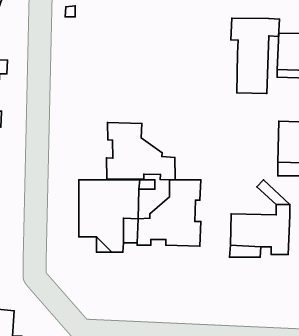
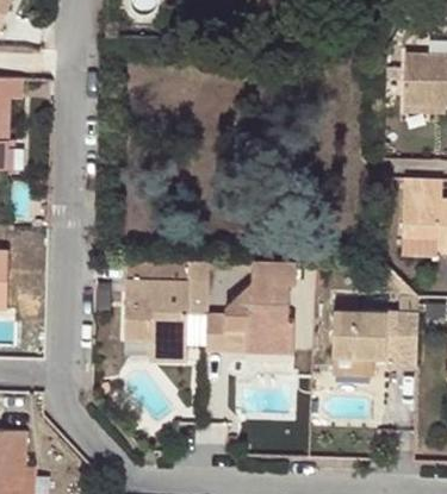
building: [231,18,279,94] -> none
building: [106,123,175,180] -> none

